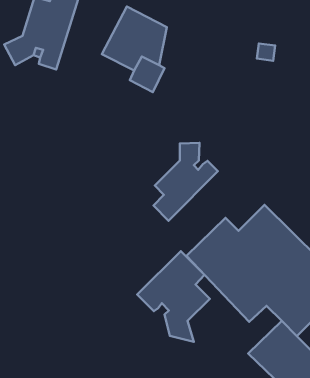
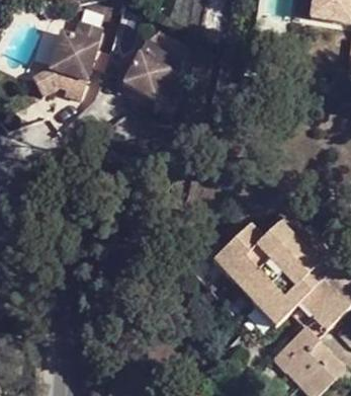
building: [153,143,218,221] -> none
building: [137,251,210,342] -> none

